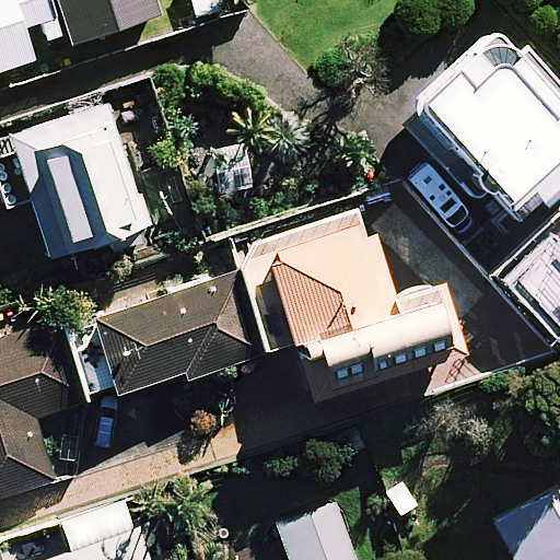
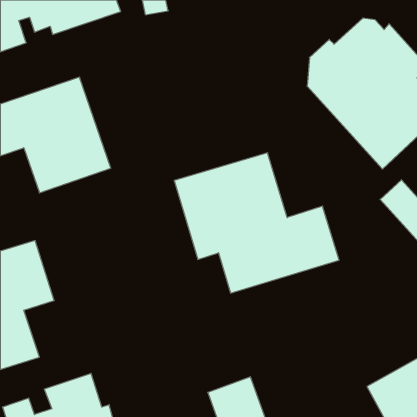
building: [66,273,253,396] -> none

